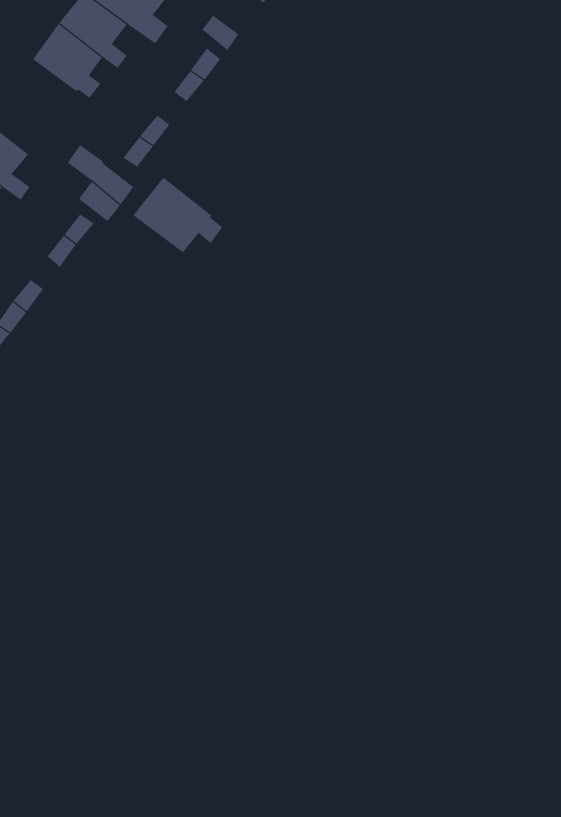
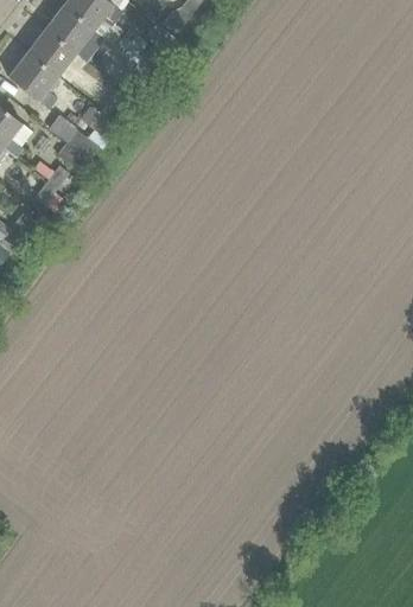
building: none -> [7,55,57,107]
building: [133,177,223,253] -> none

